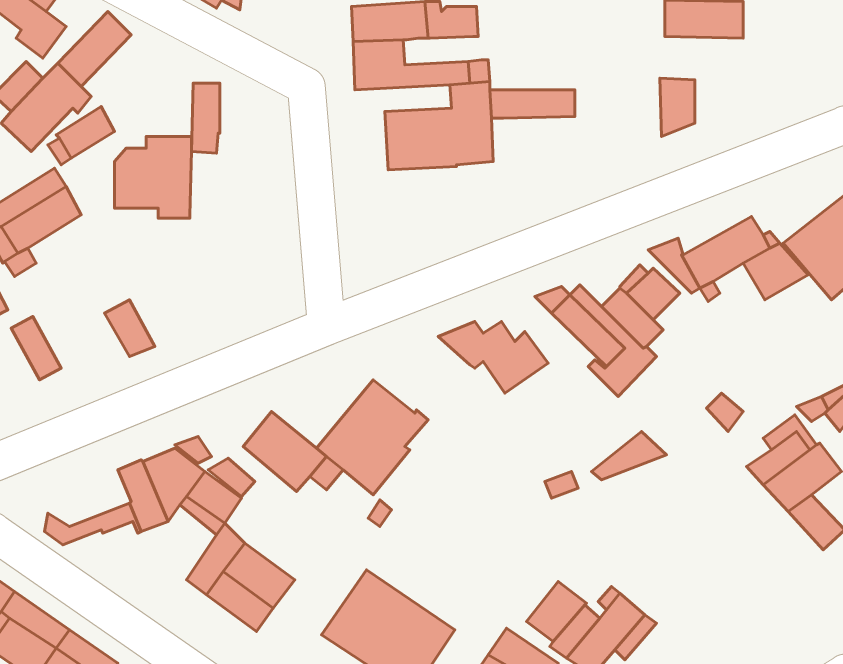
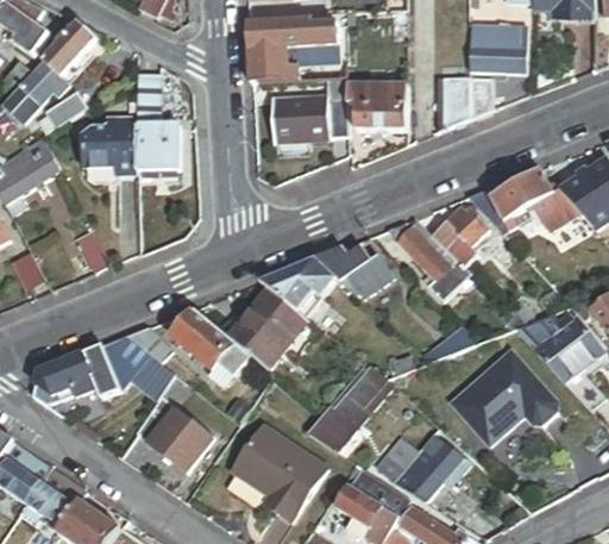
building: none -> [475,44,530,70]
building: none -> [440,74,472,129]
building: none -> [359,101,410,129]
building: none -> [136,126,180,173]
building: none -> [258,258,335,318]
building: none -> [446,348,555,449]
building: none -> [34,354,94,394]
building: none -> [308,362,391,450]

